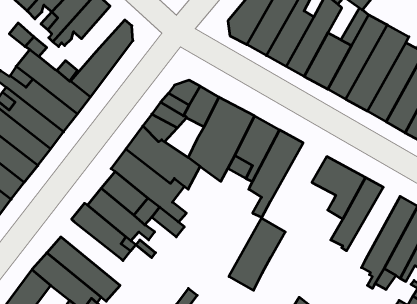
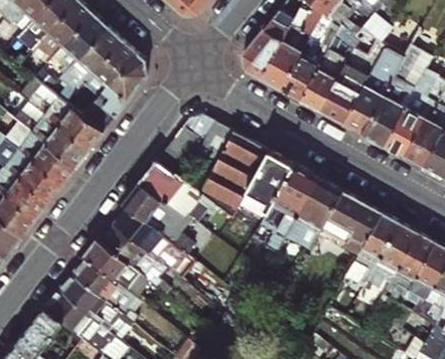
building: none -> [80,39,138,94]
building: none -> [363,223,418,297]
building: [229,218,285,290] -> [286,178,343,251]
building: none -> [72,257,137,323]

